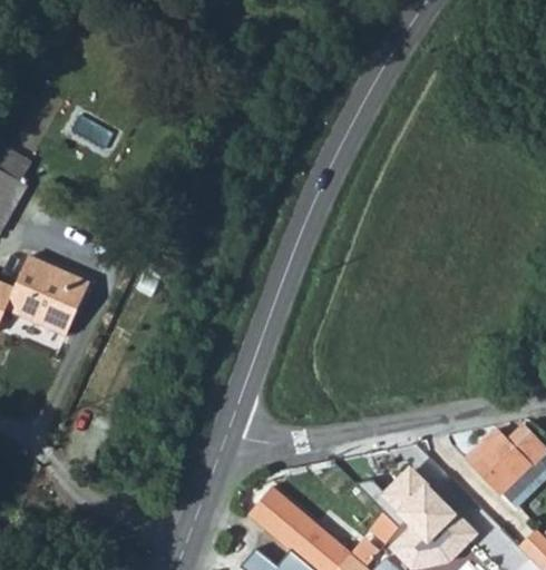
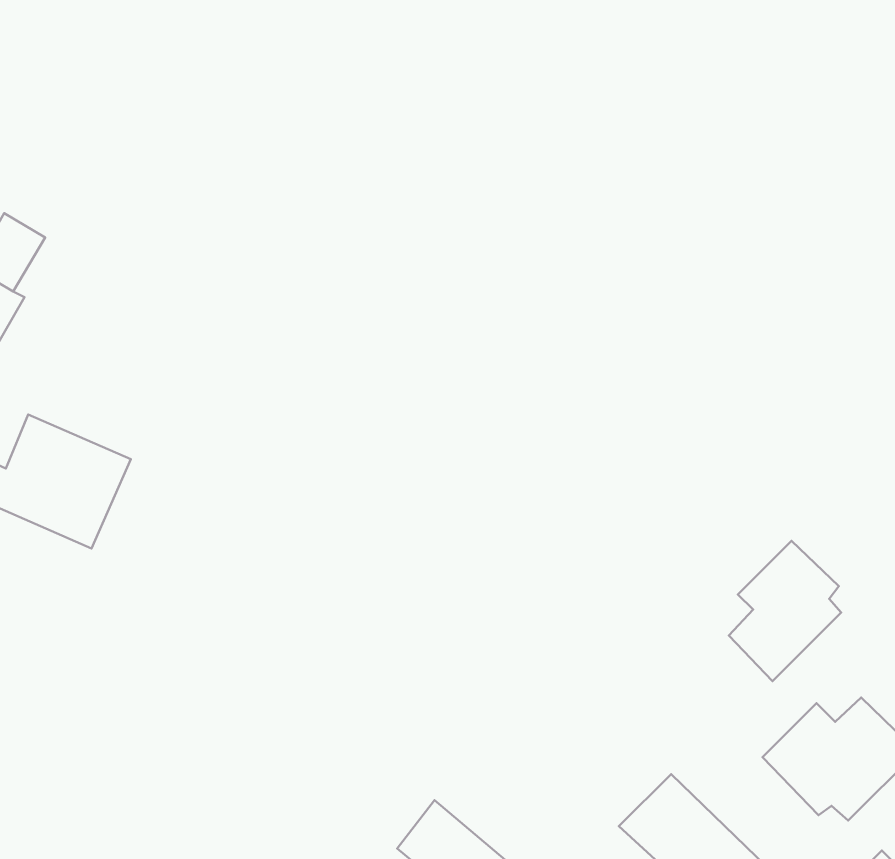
building: none -> [729,541,841,681]

